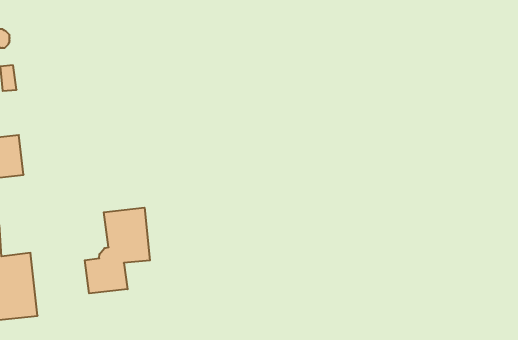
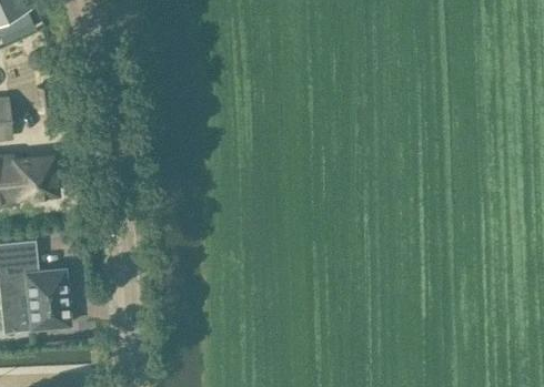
building: [85,208,150,293] -> none

